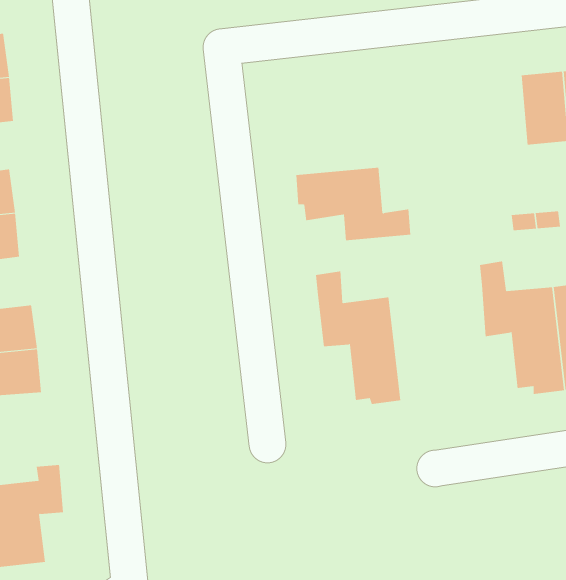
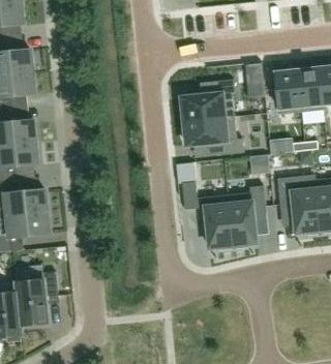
building: none -> [245,62,265,98]
building: none -> [274,70,300,110]
building: none -> [178,80,234,122]
building: none -> [229,165,267,239]

